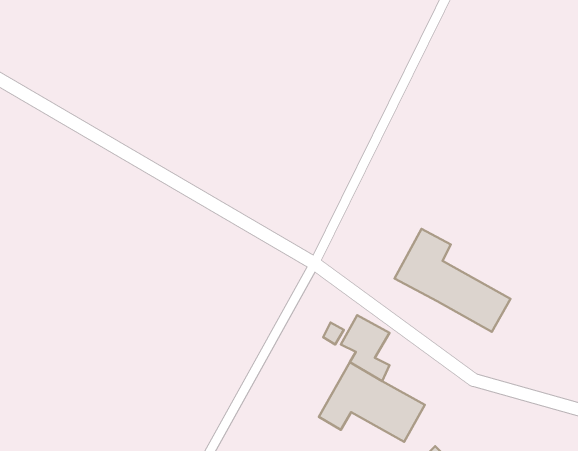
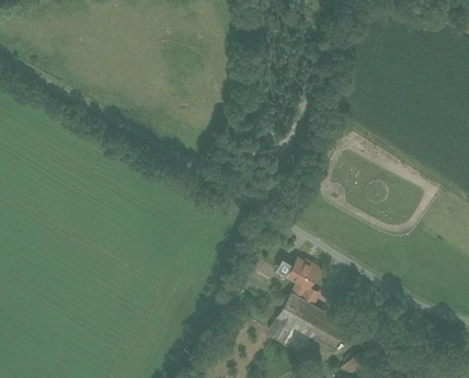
building: [394,229,511,332] -> none

